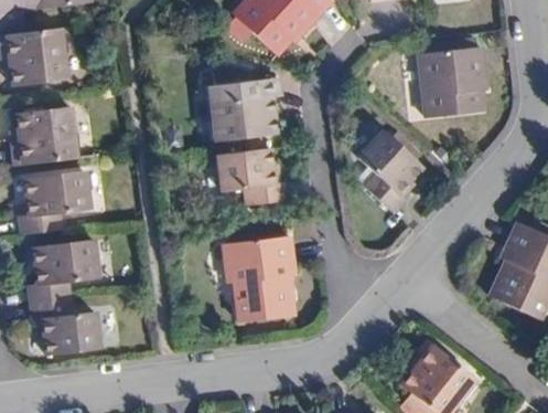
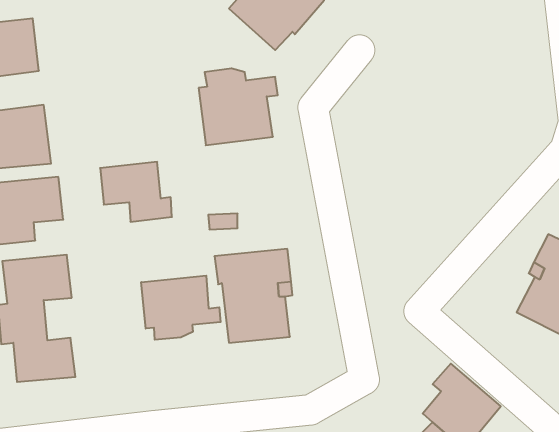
building: [423,52,487,118] -> none
building: [362,128,423,211] -> none
building: [217,149,282,203] -> [100,162,172,222]
building: none -> [141,276,221,340]

